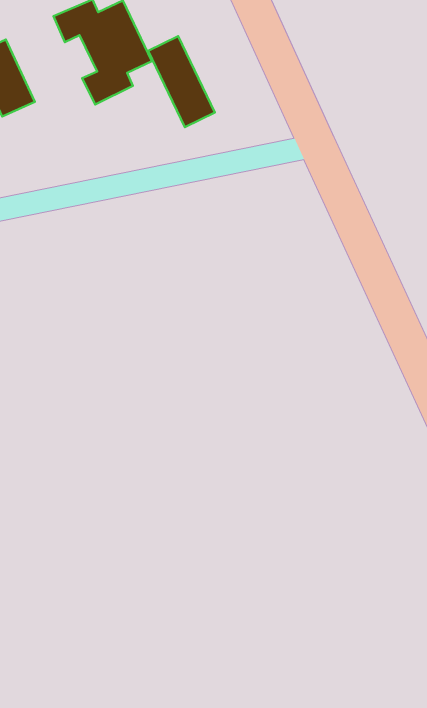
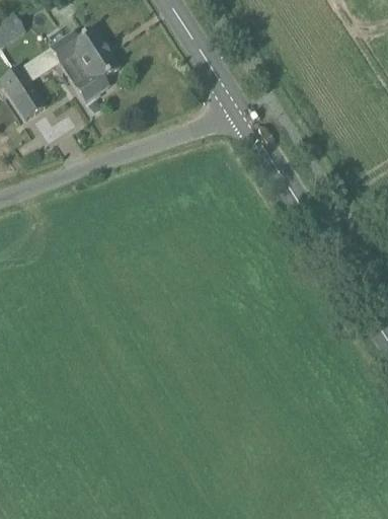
building: [148,36,215,127] -> none

